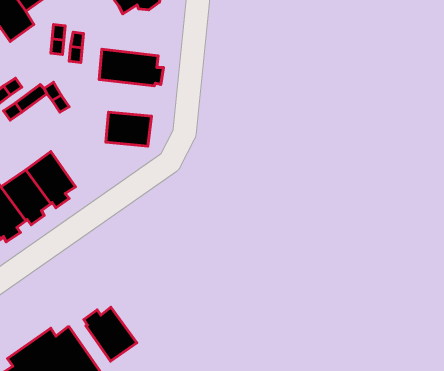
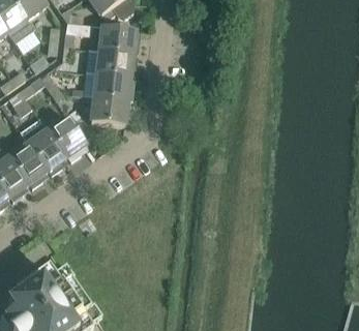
building: none -> [87,23,138,52]
building: none -> [82,70,132,99]
building: none -> [47,114,86,158]
building: [84,307,137,361] -> none

